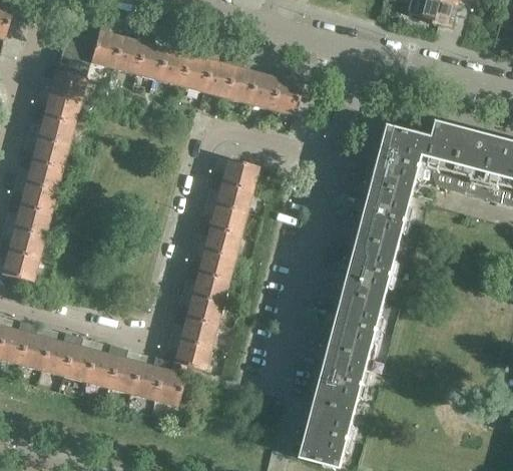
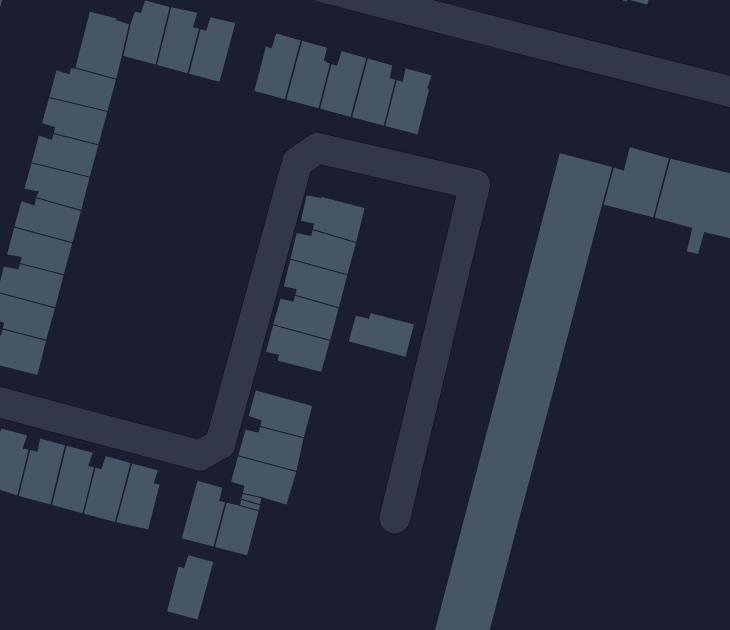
building: [155,39,186,86] -> none
building: [179,272,225,303] -> [348,312,415,358]
building: [106,349,139,394] -> [166,555,214,620]

